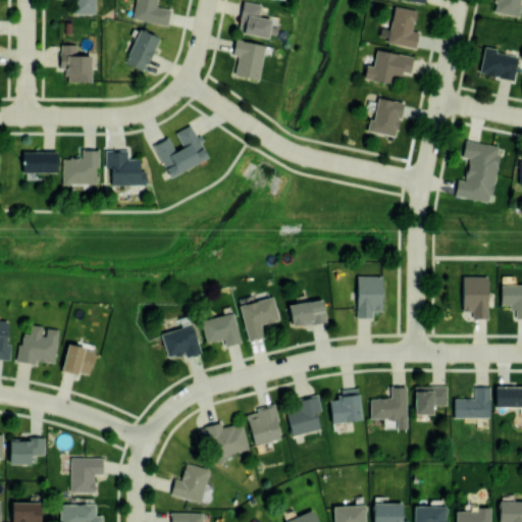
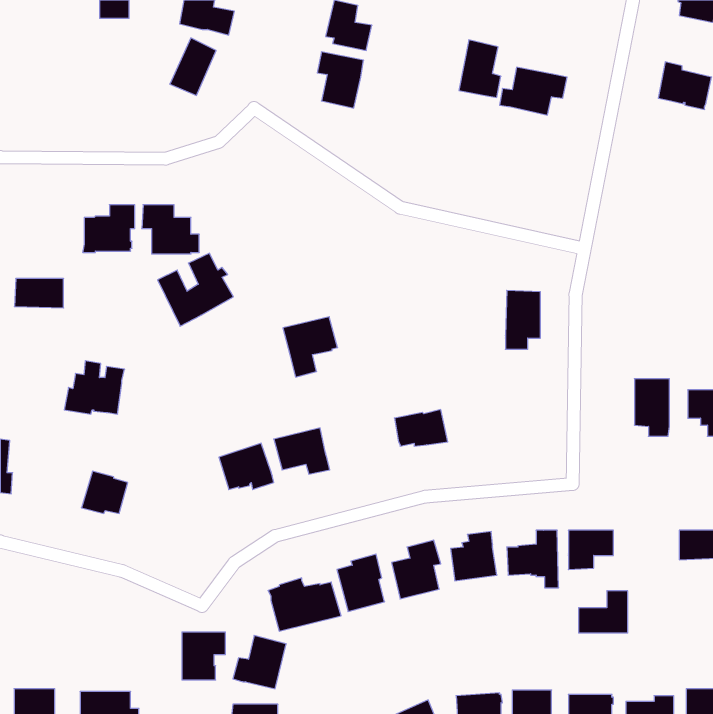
building: [389,7,420,49] -> [459,40,501,97]
building: [60,46,93,84] -> none
building: [369,99,405,138] -> none
building: [155,126,210,179] -> [158,253,233,326]
building: [457,141,502,203] -> none
building: [23,153,59,174] -> [14,279,64,308]
building: [358,276,383,319] -> [505,290,540,349]
building: [241,298,280,342] -> [283,317,338,377]
building: [17,325,61,364] -> [64,361,125,414]
building: [456,387,491,418] -> [579,591,628,633]
building: [11,438,46,465] -> none
building: [72,459,104,493] -> [182,632,225,680]

